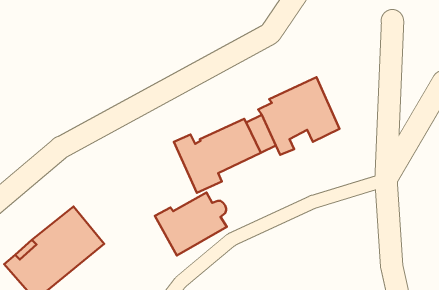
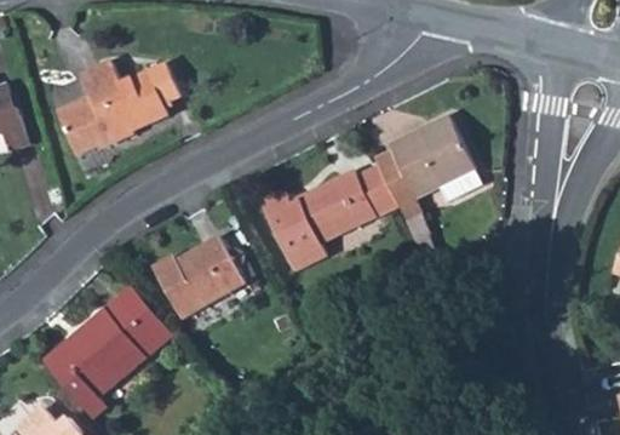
building: none -> [57,61,179,153]
building: [155,193,227,256] -> [150,235,245,317]

